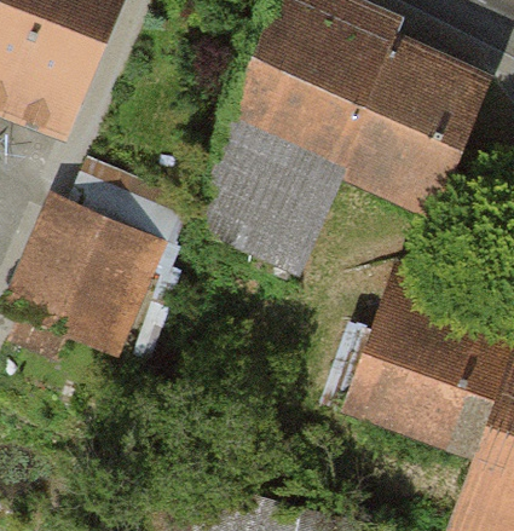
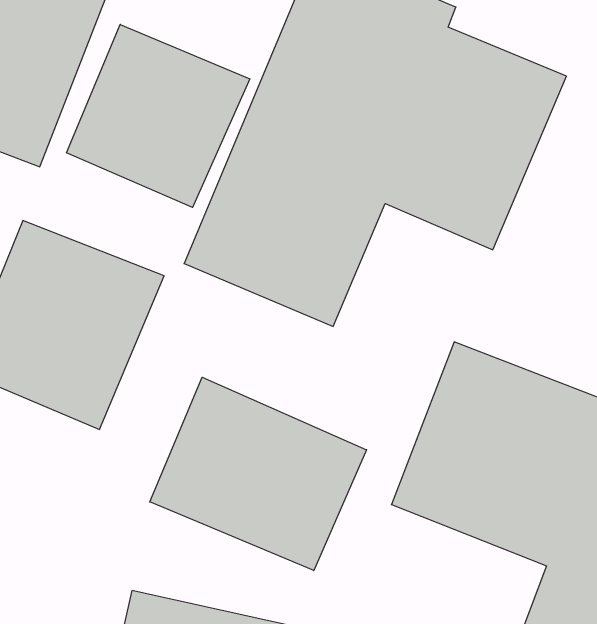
building: none -> [67,24,250,207]
building: none -> [150,377,367,571]

